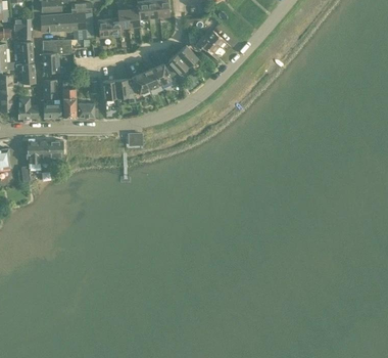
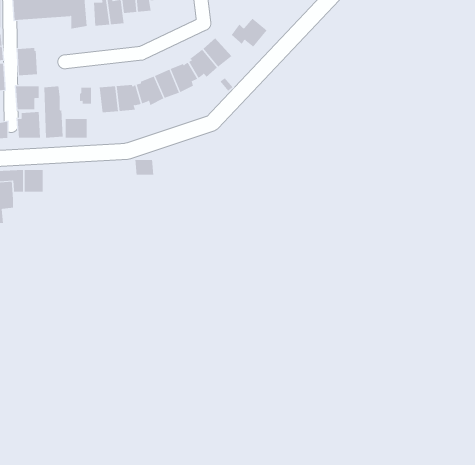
building: [43,39,71,54] -> none

